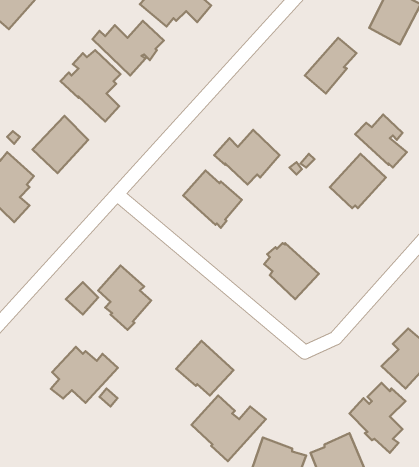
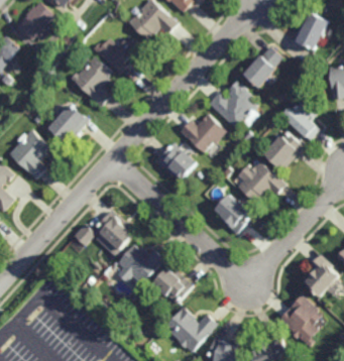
building: none -> [210,81,259,129]
building: none -> [238,162,285,203]
building: [51,347,118,403] -> [116,245,164,285]

